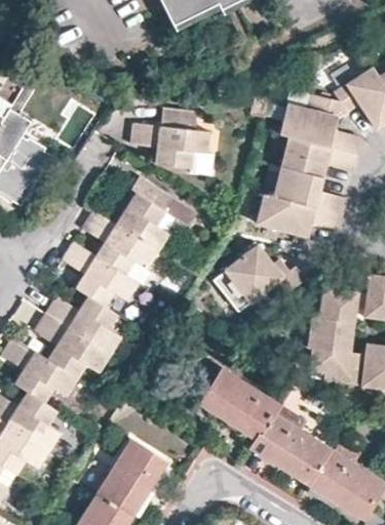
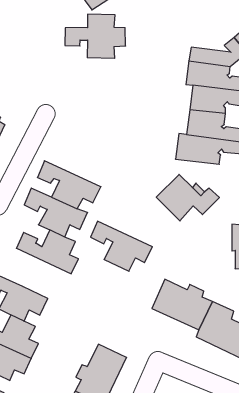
building: [130,116,207,174] -> [65,14,126,58]
building: [117,185,187,248] -> none
building: [33,311,108,377] -> [91,221,152,271]

